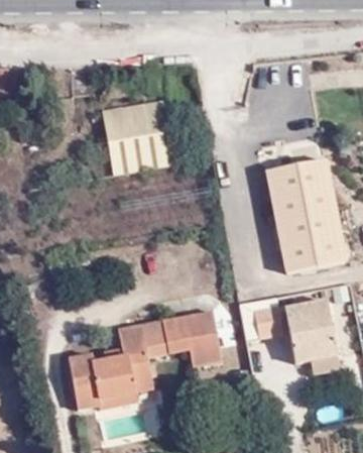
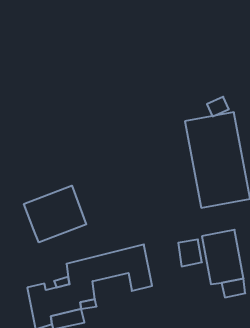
building: [103,99,175,172] -> none
building: none -> [24,186,86,242]

